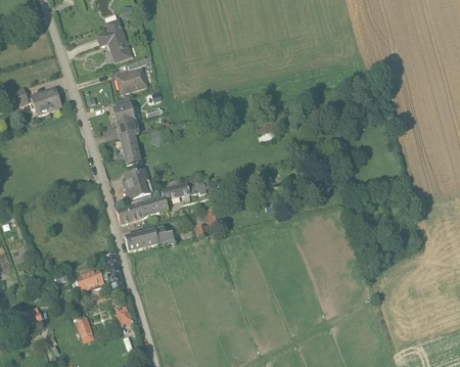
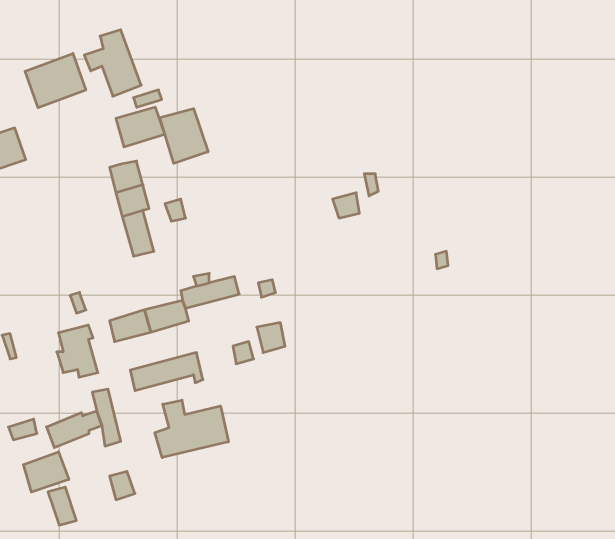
building: none -> [25,53,86,108]
building: none -> [160,109,208,163]
building: [122,167,148,200] -> [57,325,98,377]
building: none -> [155,400,228,458]
building: none -> [23,452,69,492]

